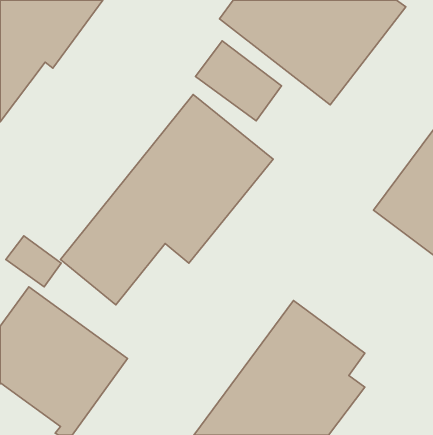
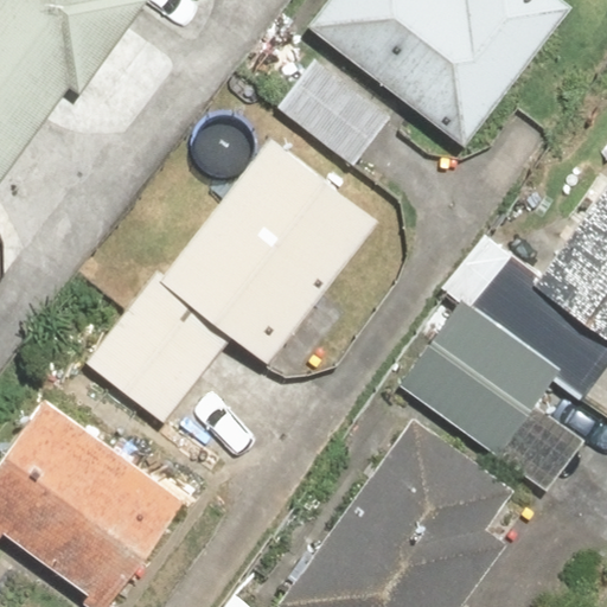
building: none -> [395,300,587,492]

